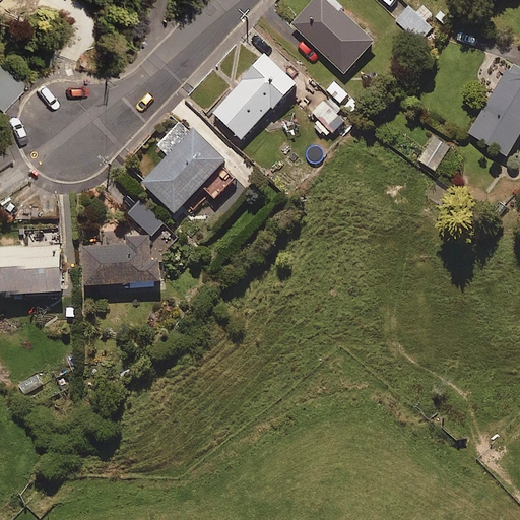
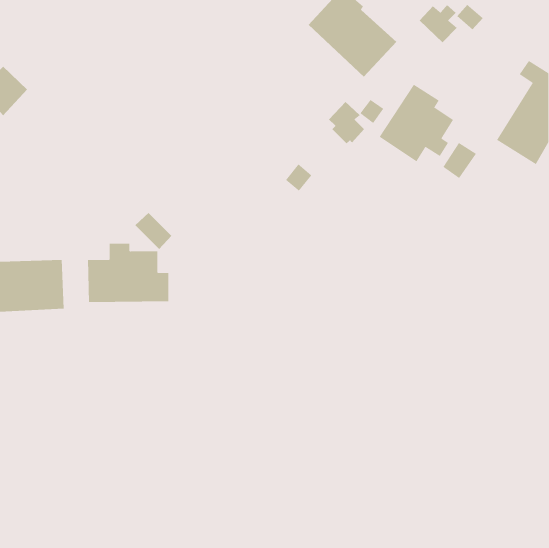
building: [212,55,296,138] -> none
building: none -> [379,84,454,162]
building: [141,117,243,214] -> none

